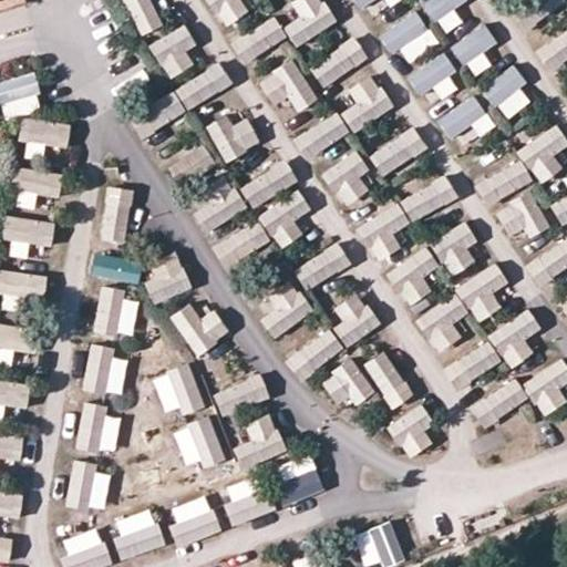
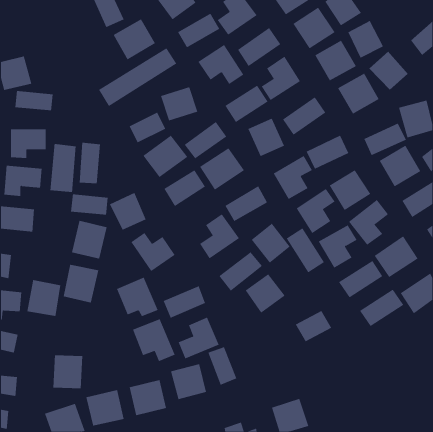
building: none -> [50,143,76,193]
building: [363,349,414,409] -> [286,227,325,273]
building: [76,404,122,453] -> [26,279,61,317]

